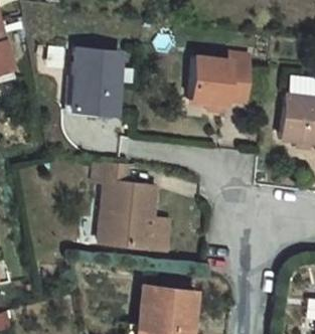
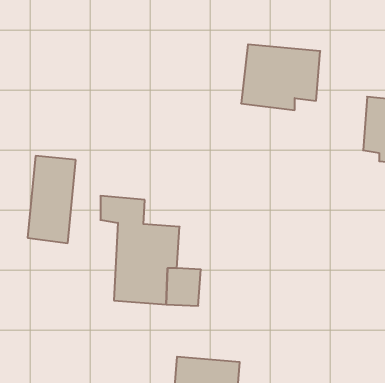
building: [78,45,115,111] -> [28,156,76,243]

